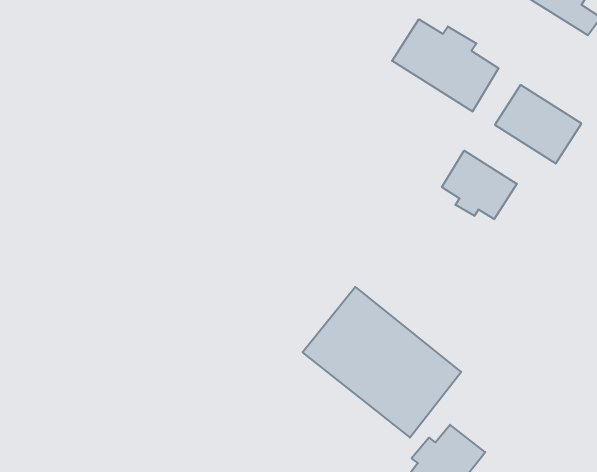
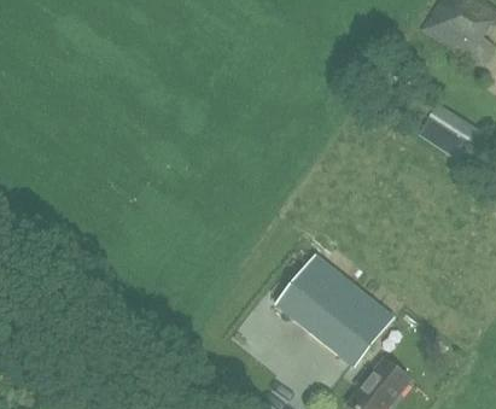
building: [392,19,499,112] -> none
building: [442,151,517,219] -> none

